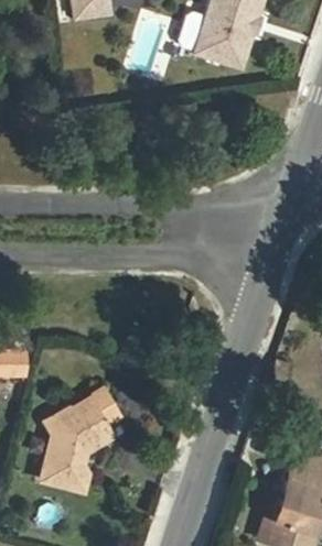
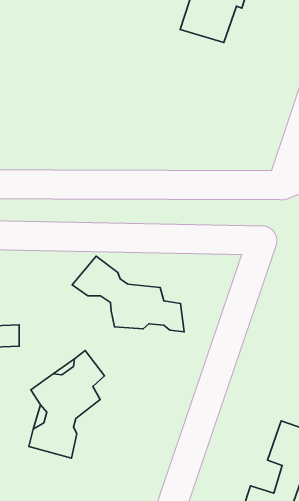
building: none -> [72,256,184,332]

